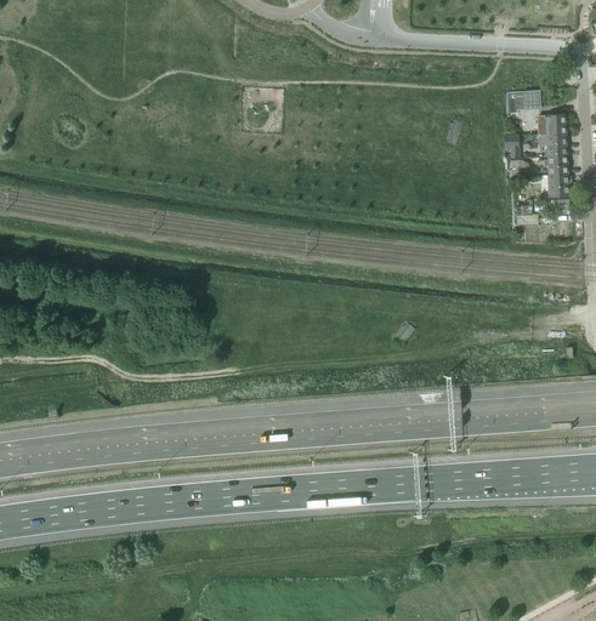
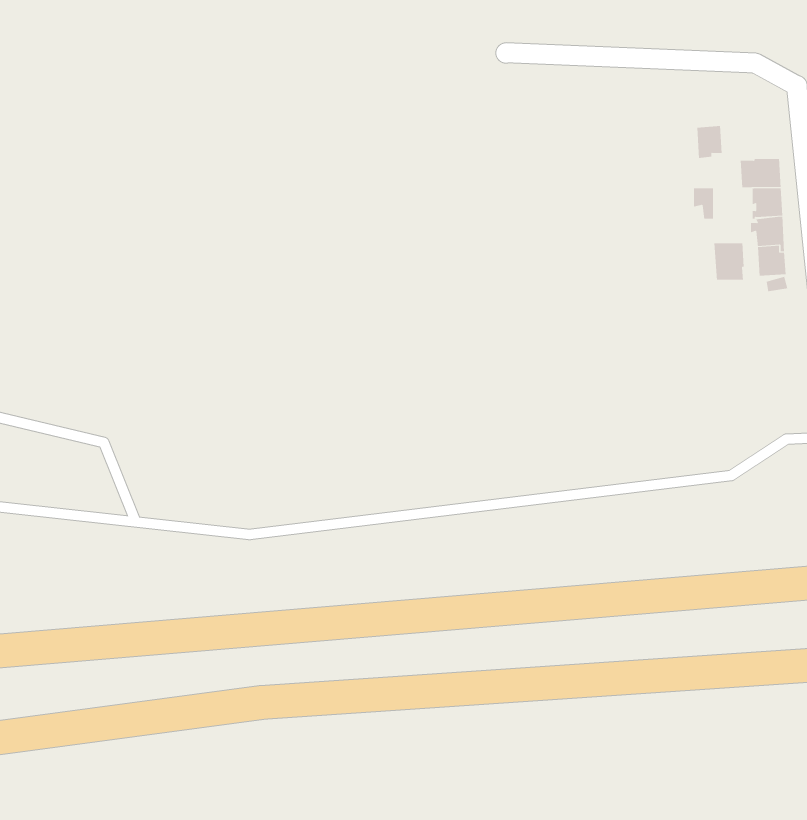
building: none -> [714,243,744,281]

